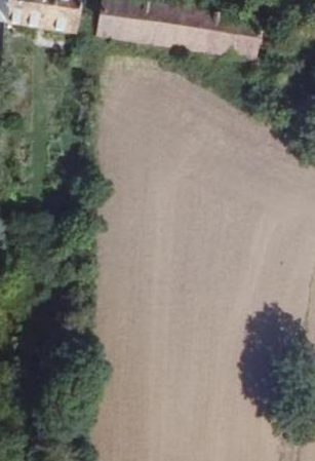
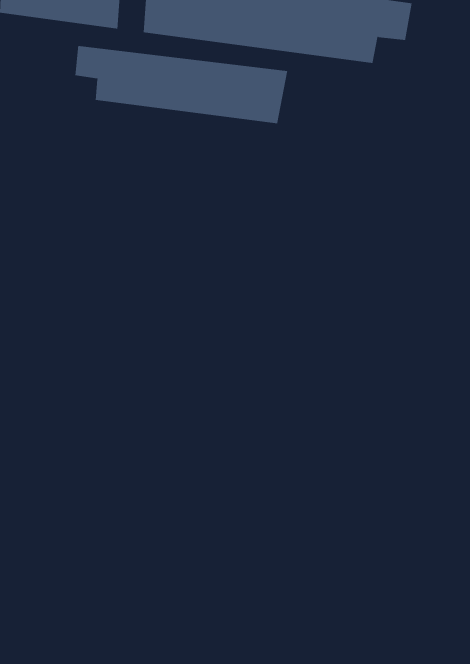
building: none -> [75,45,288,124]

